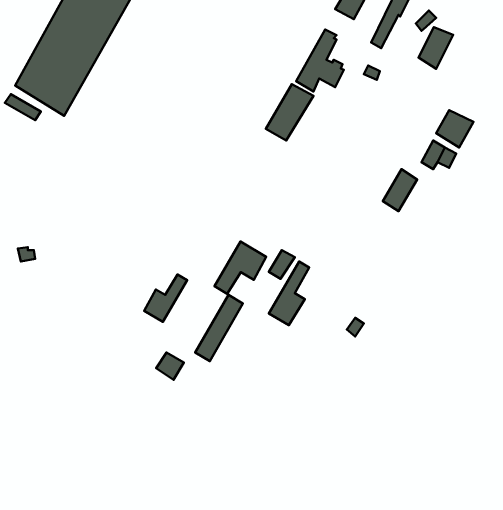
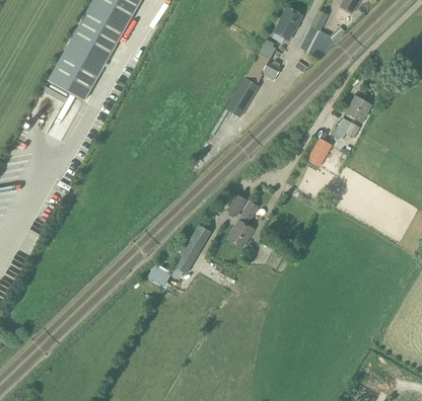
building: [419,27,453,69] -> none
building: [214,241,266,294] -> none
building: [144,275,187,322] -> none

